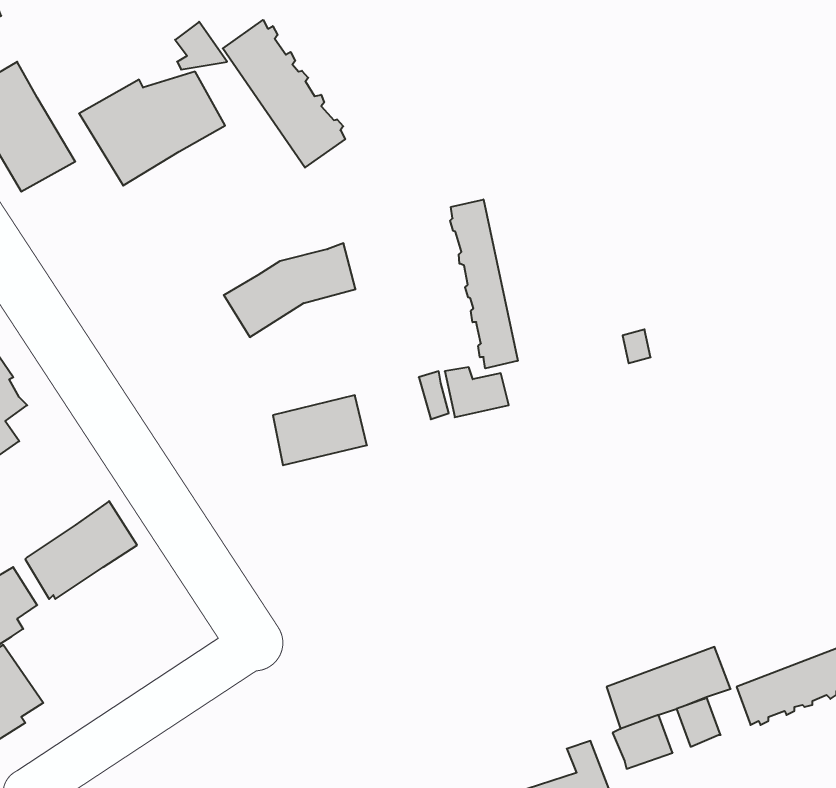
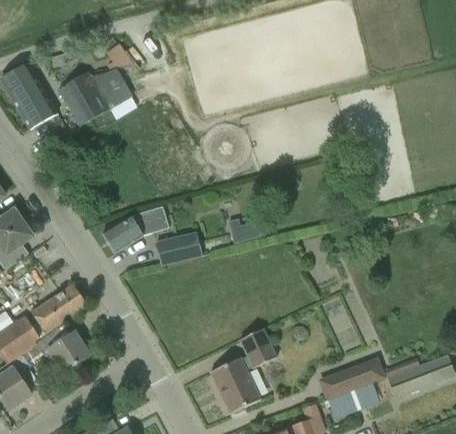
building: [223,20,345,168] -> none
building: [450,199,518,368] -> none
building: [224,243,356,337] -> [102,205,168,252]
building: none -> [35,323,90,373]
building: none -> [210,328,276,413]

